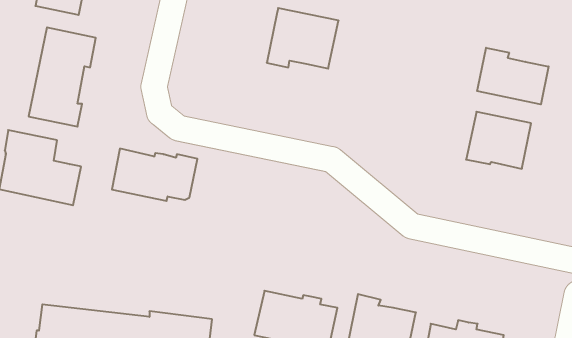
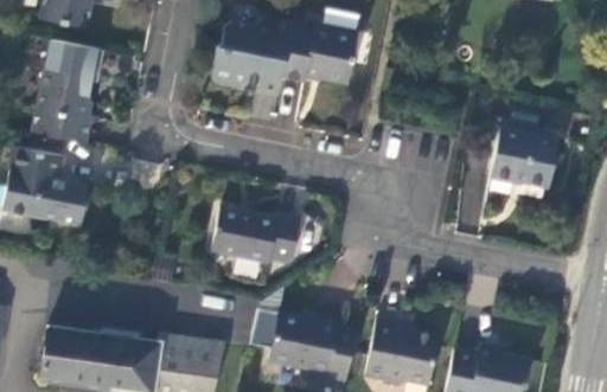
building: none -> [210,19,293,91]
building: [477,48,549,104] -> none
building: [112,149,197,201] -> [212,208,301,263]

